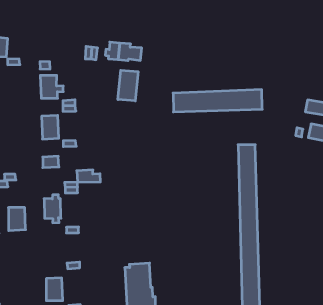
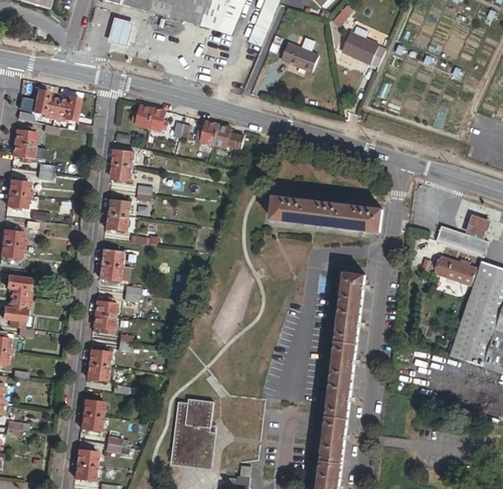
building: none -> [133,104,168,131]
building: [118,70,138,101] -> none
building: [77,170,100,182] -> [100,263,129,281]
building: [8,208,26,231] -> [87,349,111,379]

